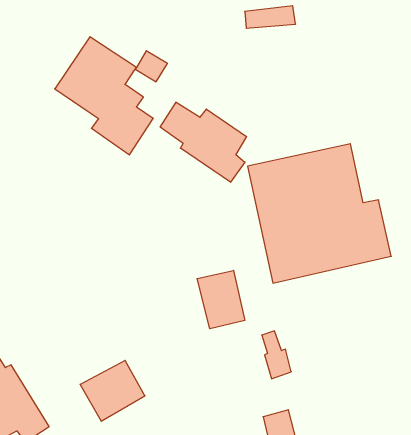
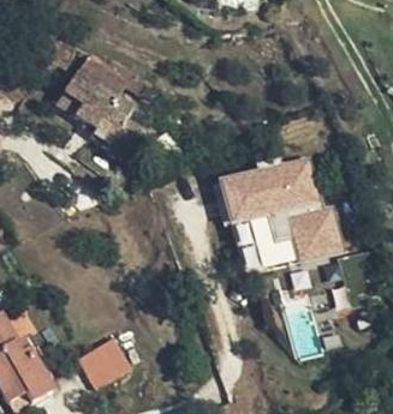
building: [160,102,247,182] -> none
building: [197,270,245,329] -> none

